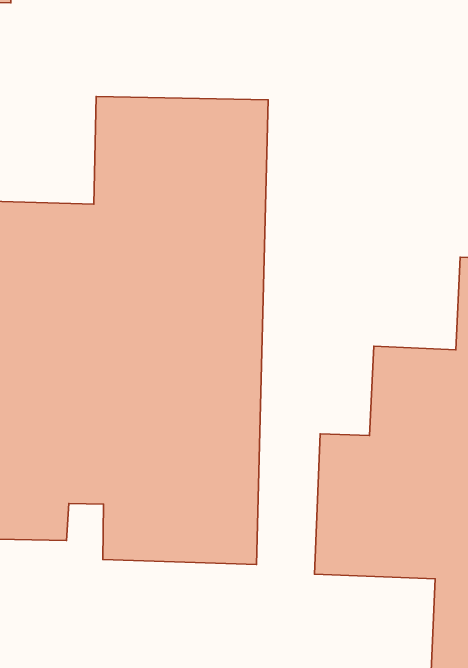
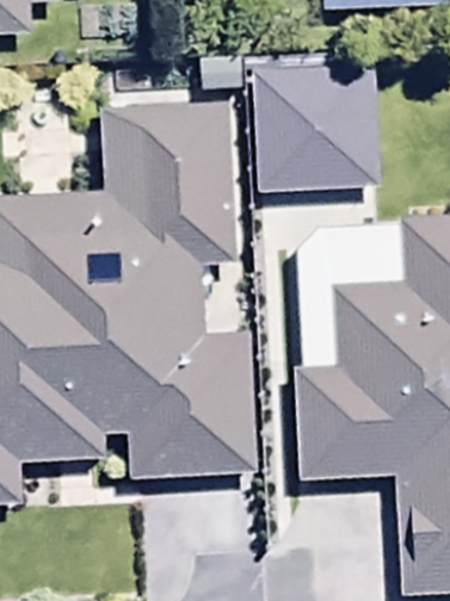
building: none -> [255,63,376,186]

